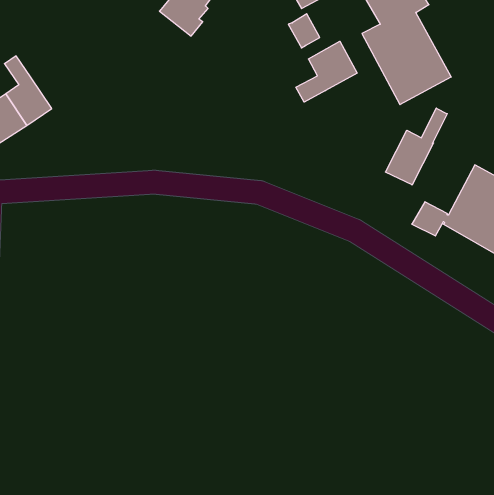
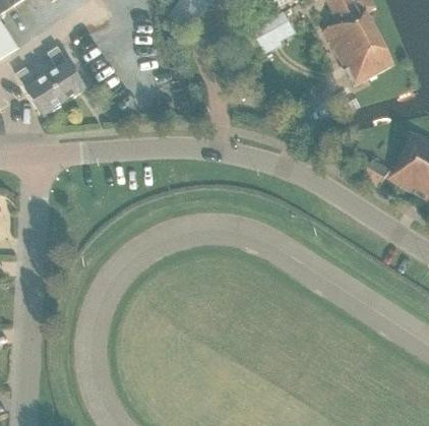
building: [296,41,357,102] -> none
building: [385,108,447,185] -> none

